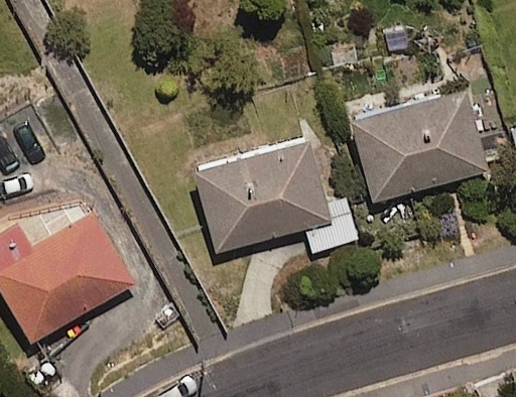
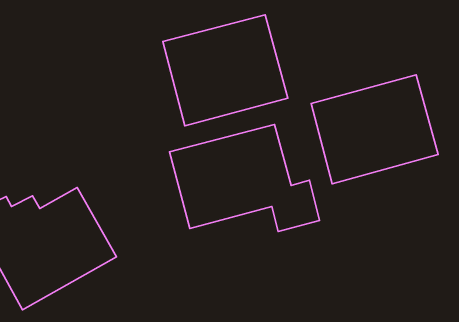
building: none -> [163,15,288,126]

